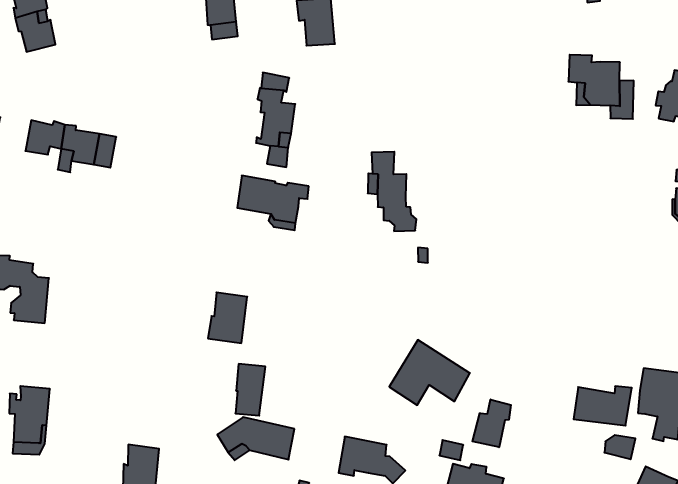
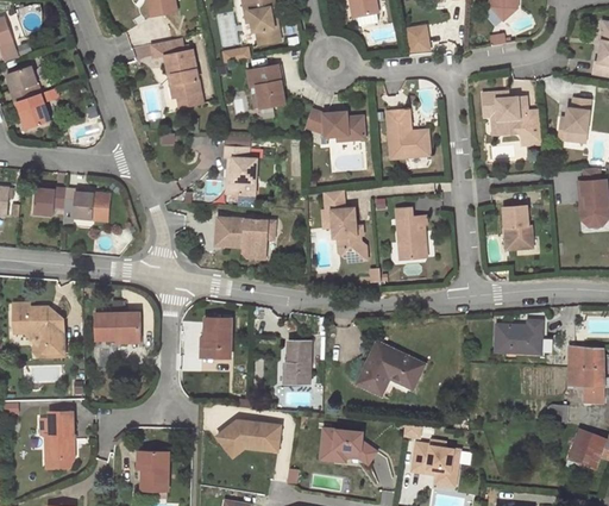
building: none -> [306,106,364,137]
building: none -> [385,106,429,155]
building: none -> [395,205,426,256]
building: none -> [501,201,530,245]
building: none -> [95,314,139,343]
building: [235,364,265,416] -> [288,342,310,383]
building: [574,386,632,426] -> [495,321,541,354]
building: [472,399,511,447] -> none

